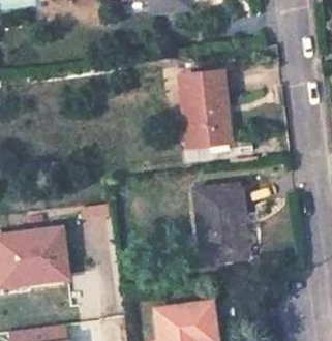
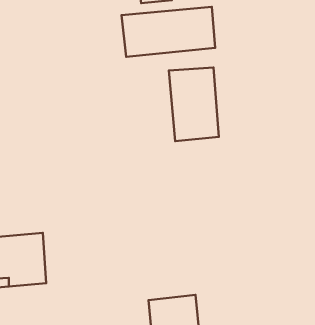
building: none -> [121,7,215,57]
building: [200,185,244,255] -> none

